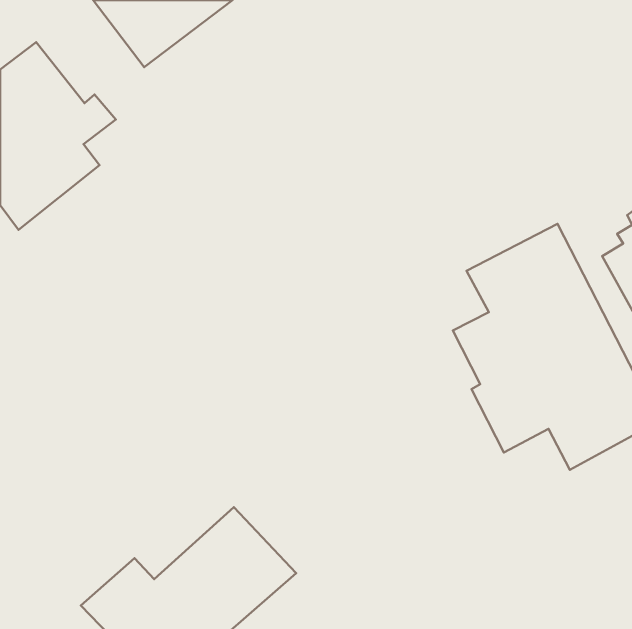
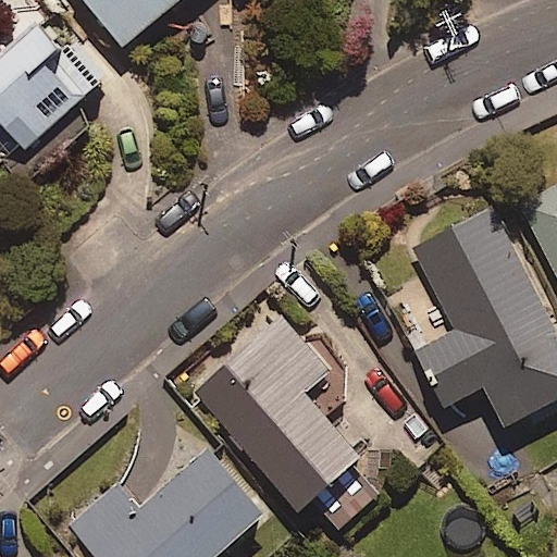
building: none -> [191,311,379,525]

